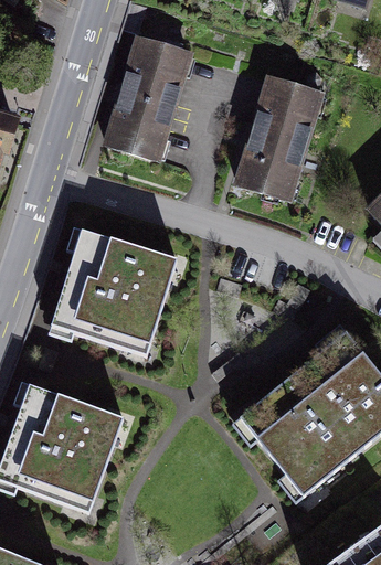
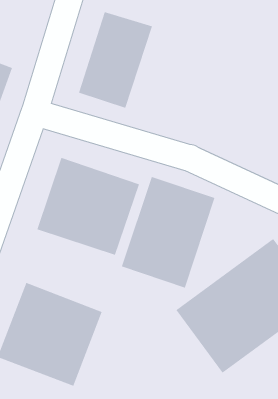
building: [226,77,327,207] -> none
building: none -> [121,176,215,289]

